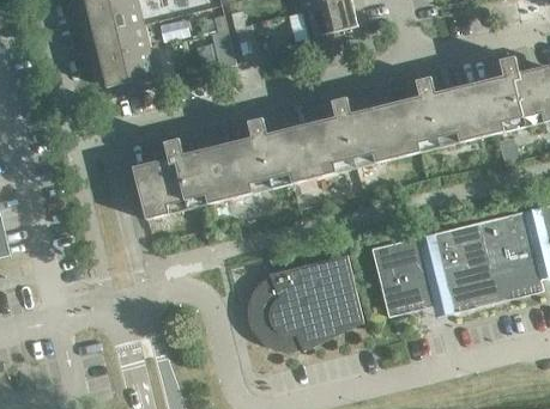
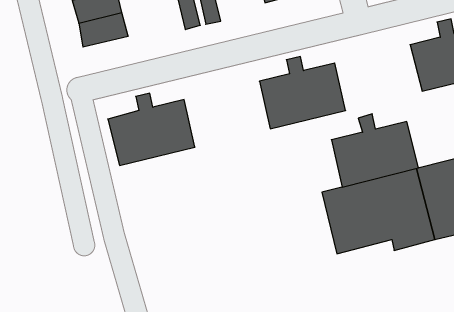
building: [386,75,483,157] -> [331,114,419,187]
building: [218,117,314,197] -> none
building: [244,254,363,352] -> none

